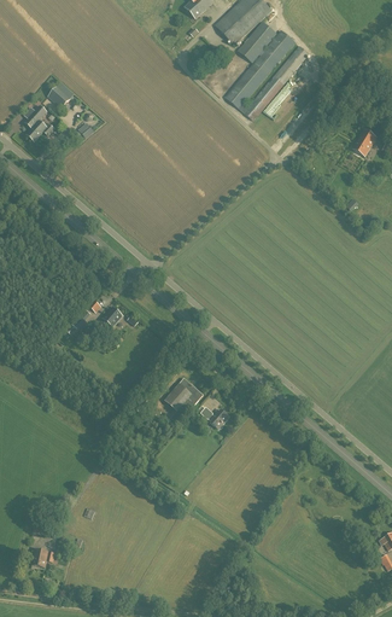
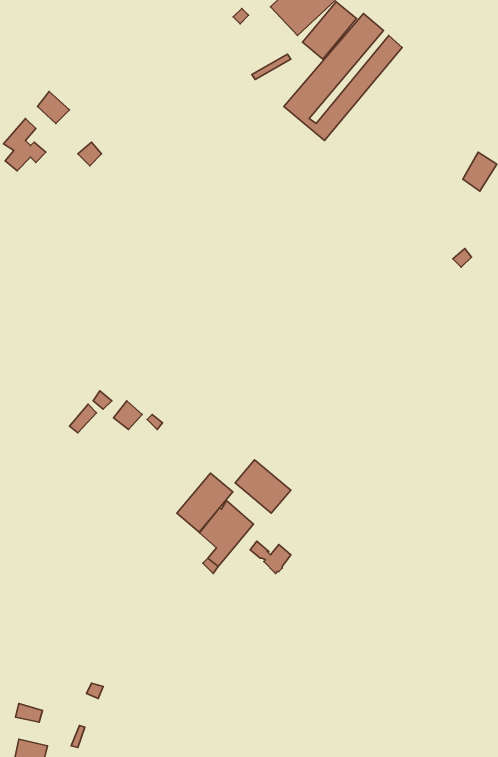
building: none -> [235,460,291,513]
building: none -> [177,473,233,532]

